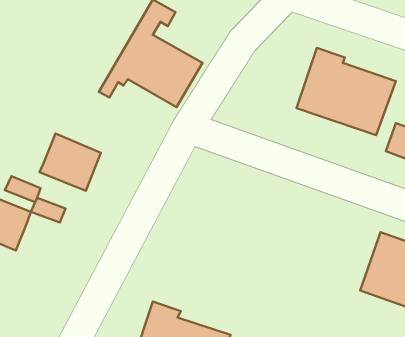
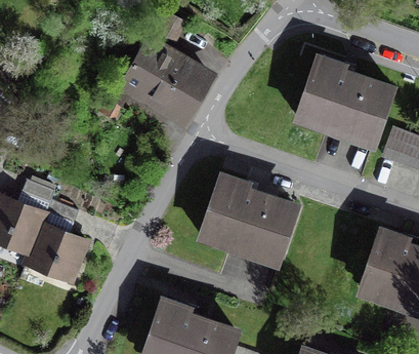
building: [39,133,101,191] -> [28,224,86,278]
building: none -> [201,180,297,263]

